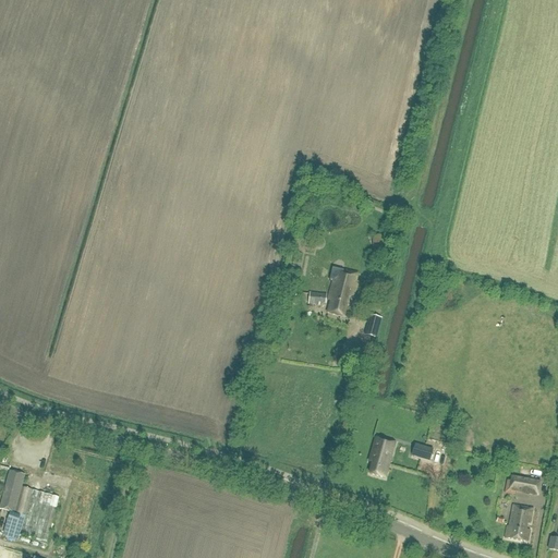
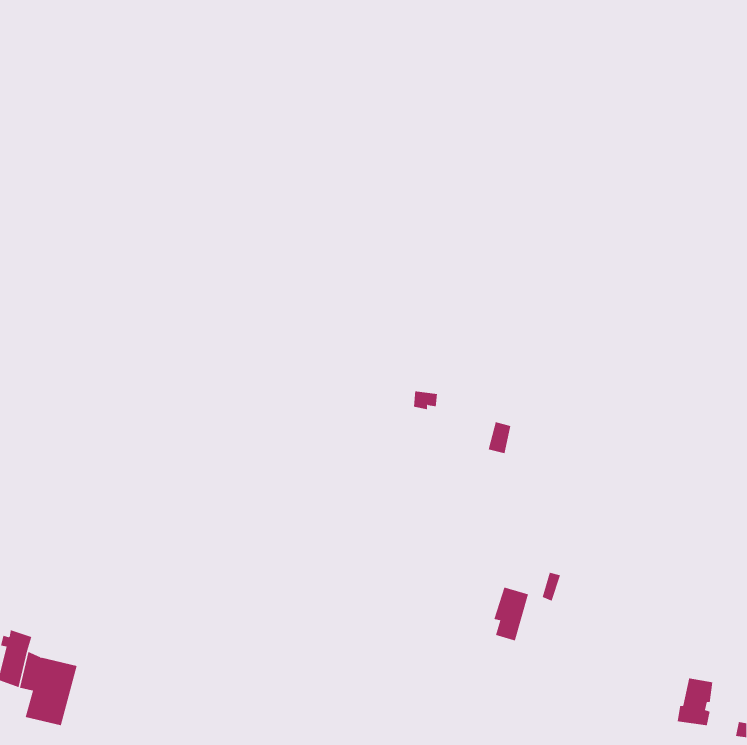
building: [326,268,356,316] -> none
building: [504,474,539,496] -> none

